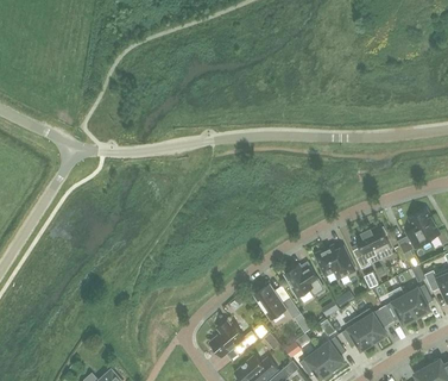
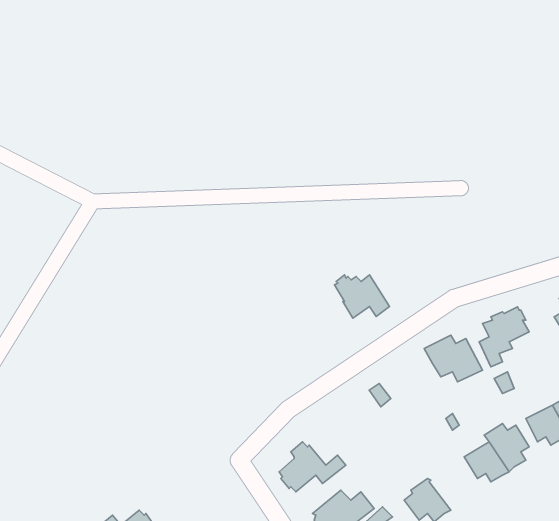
building: [284,266,323,296] -> [334,275,389,318]
building: [254,283,301,319] -> none
building: [317,336,346,369] -> none

